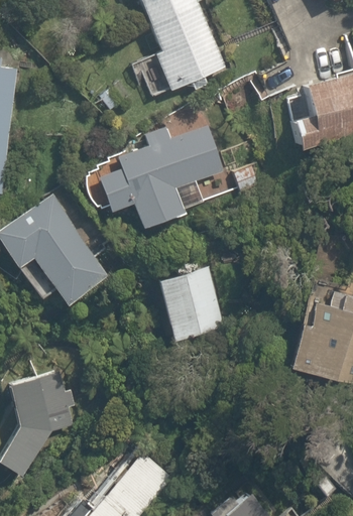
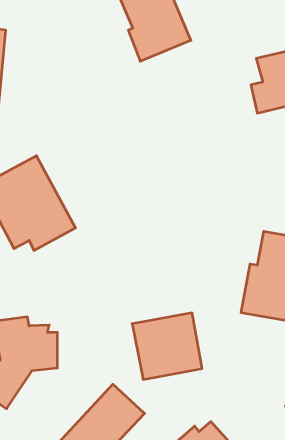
building: [96,128,223,226] -> none
building: [151,267,229,341] -> [132,313,202,379]

